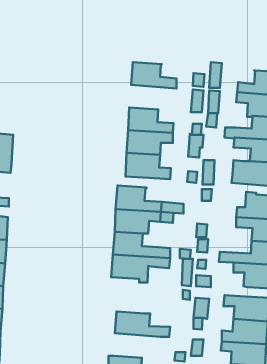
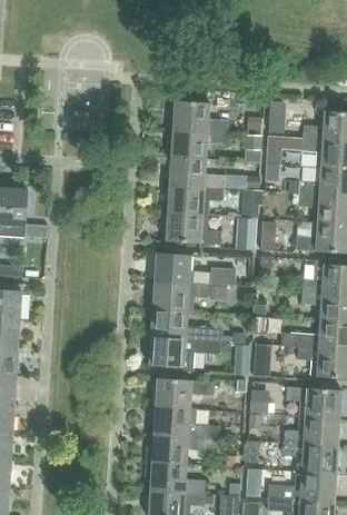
building: none -> [170,129,228,159]
building: none -> [155,378,211,409]
building: none -> [145,434,221,464]

